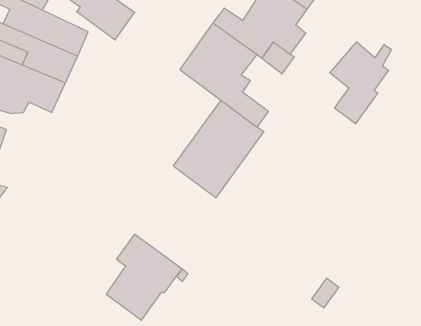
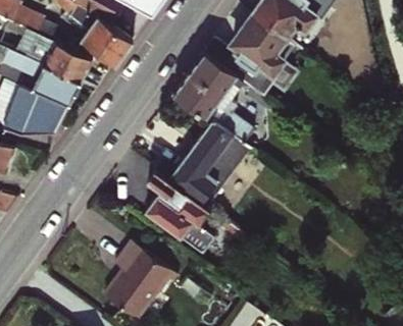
building: [330,42,391,124] -> none
building: none -> [144,170,229,267]

